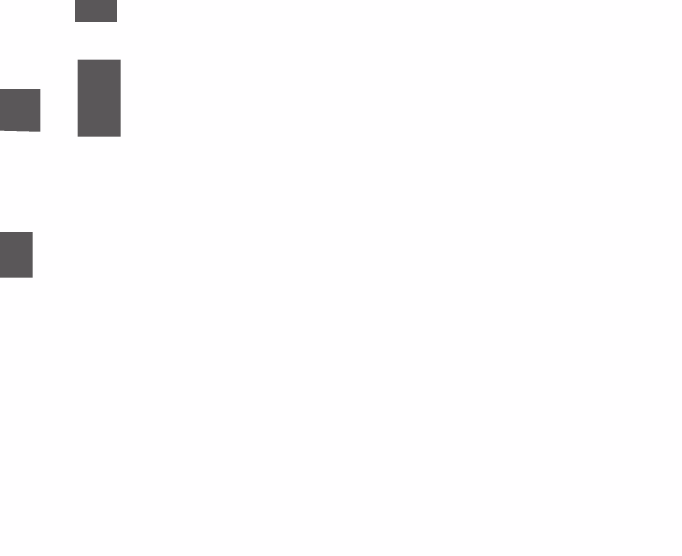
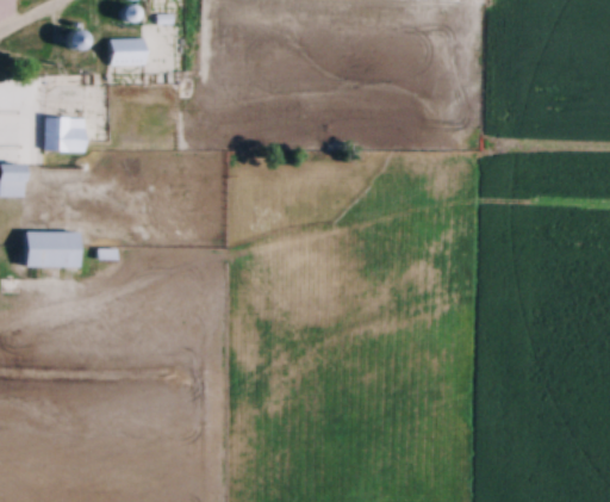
building: [77,59,121,137] -> none

